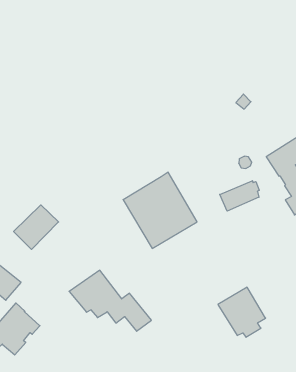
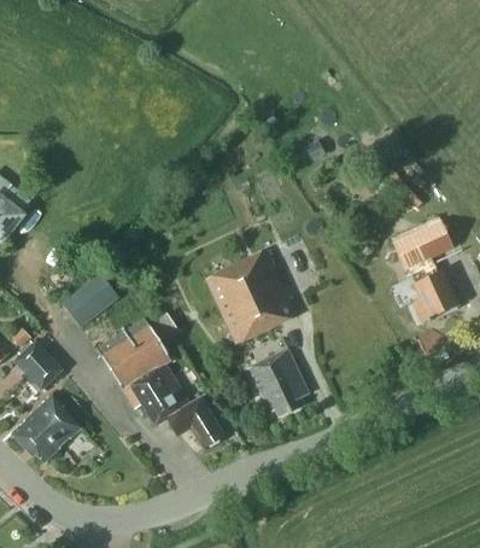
building: [220,181,259,211] -> none
building: none -> [98,317,170,387]
building: [218,287,266,337] -> [248,350,308,414]

